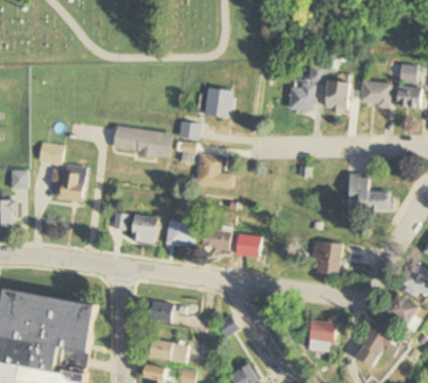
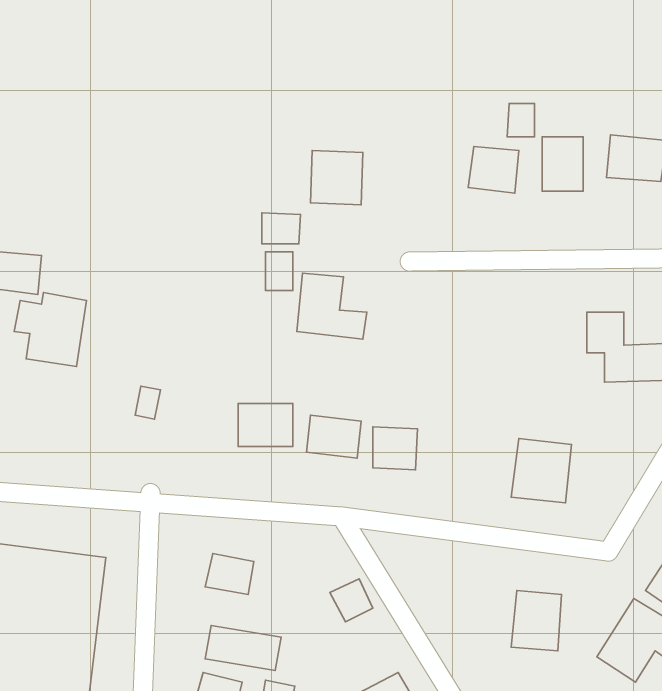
building: [112,125,171,157] -> none
building: [129,215,156,242] -> none

